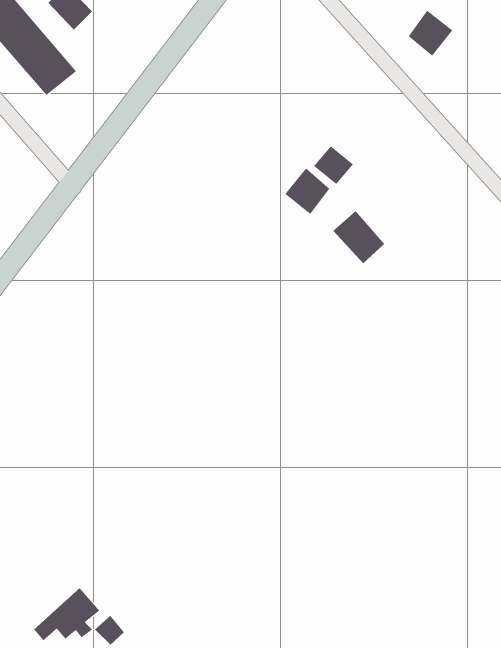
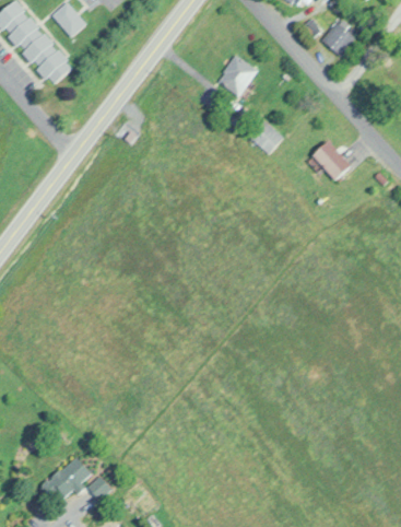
building: none -> [216,55,257,96]
building: [285,168,330,215] -> none
building: [333,210,385,264] -> [312,141,352,181]

